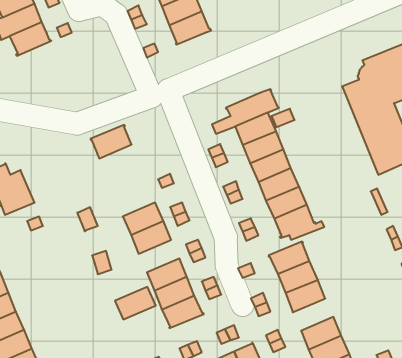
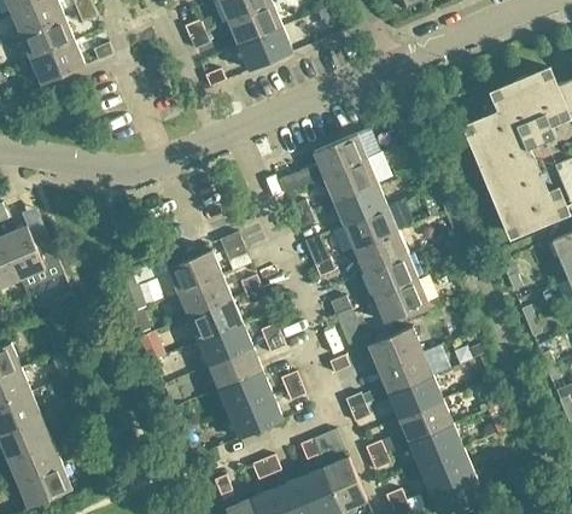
building: [91,125,132,158] -> [168,250,221,293]
building: [115,287,156,319] -> [199,323,252,366]
building: none -> [399,399,453,442]

